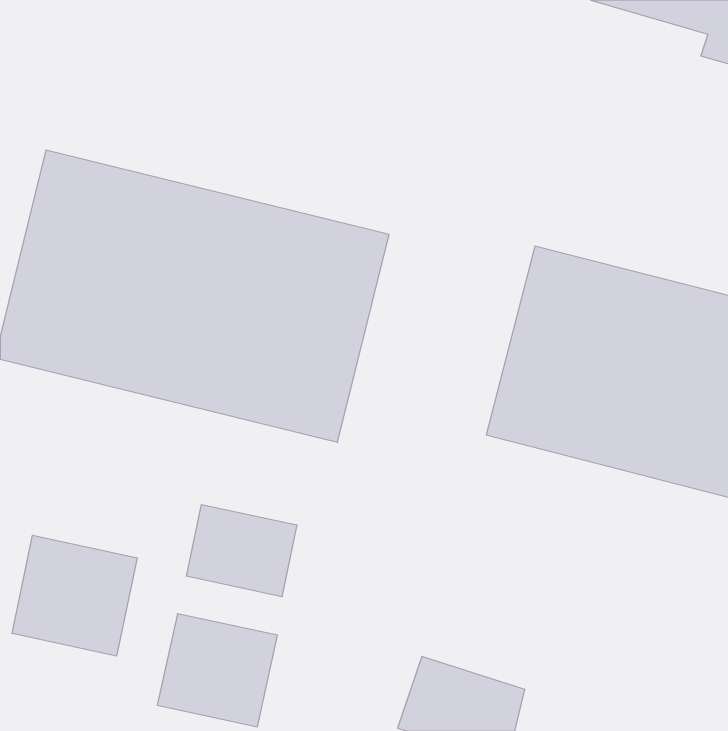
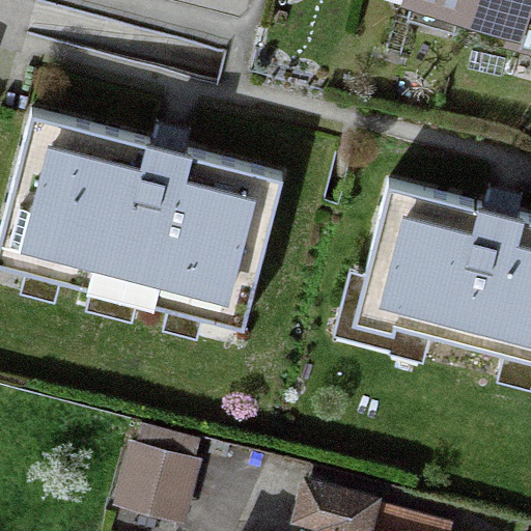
building: [187,505,297,597] -> none
building: [12,535,137,656] -> none

